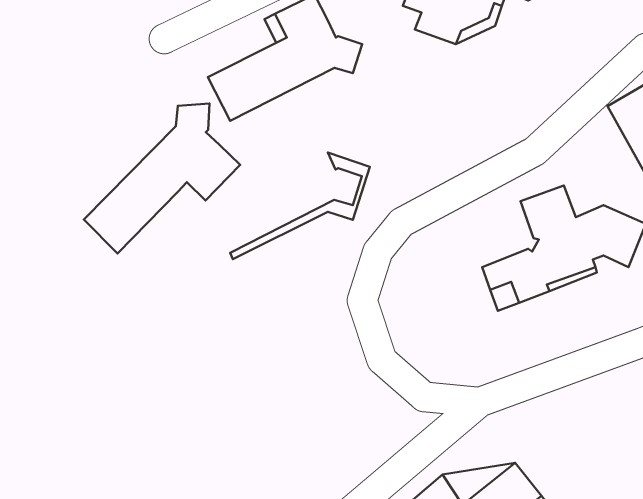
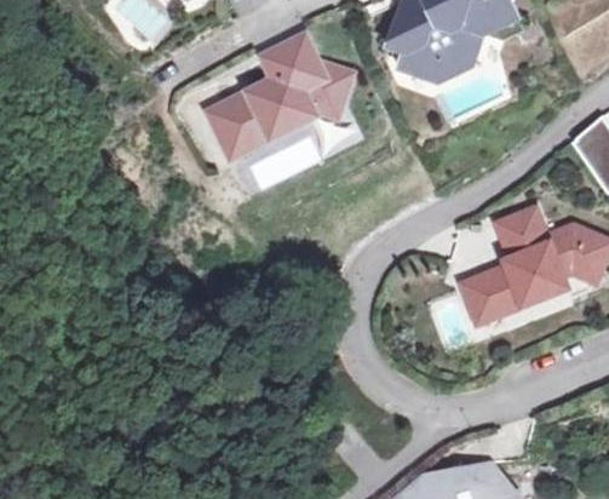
building: [84,104,240,254] -> none
building: [230,152,370,259] -> [228,57,356,155]

